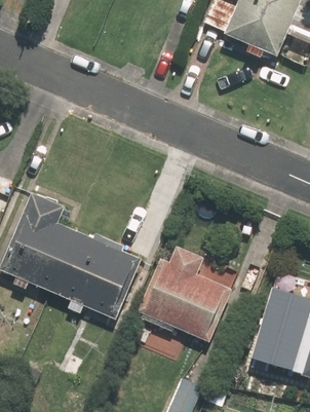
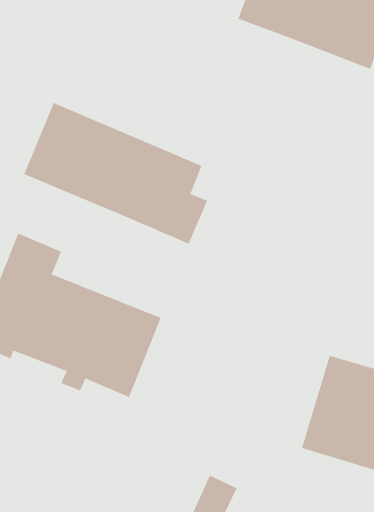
building: none -> [23,102,208,245]
building: [135,244,235,343] -> none

